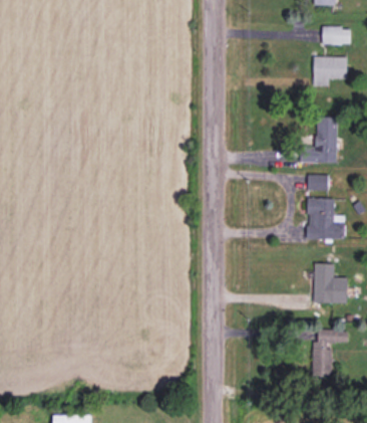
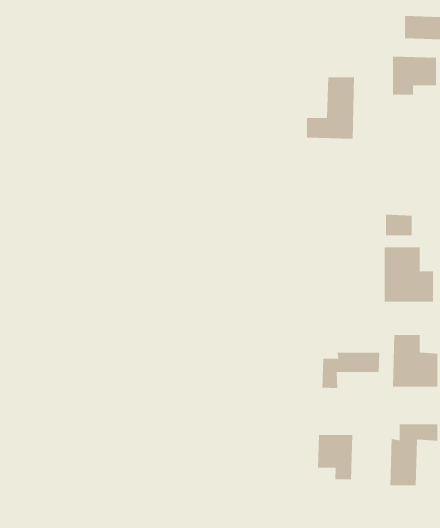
building: [301,117,337,163] -> [306,77,355,139]
building: none -> [322,352,380,389]
building: none -> [317,434,353,480]

